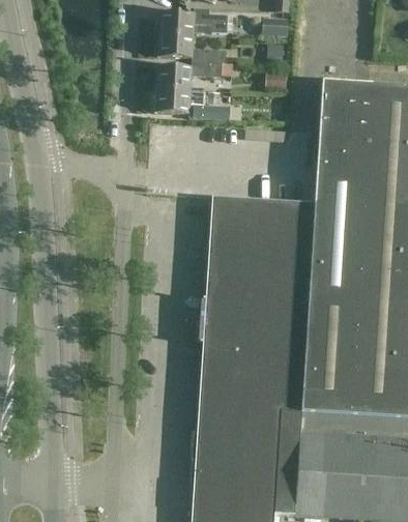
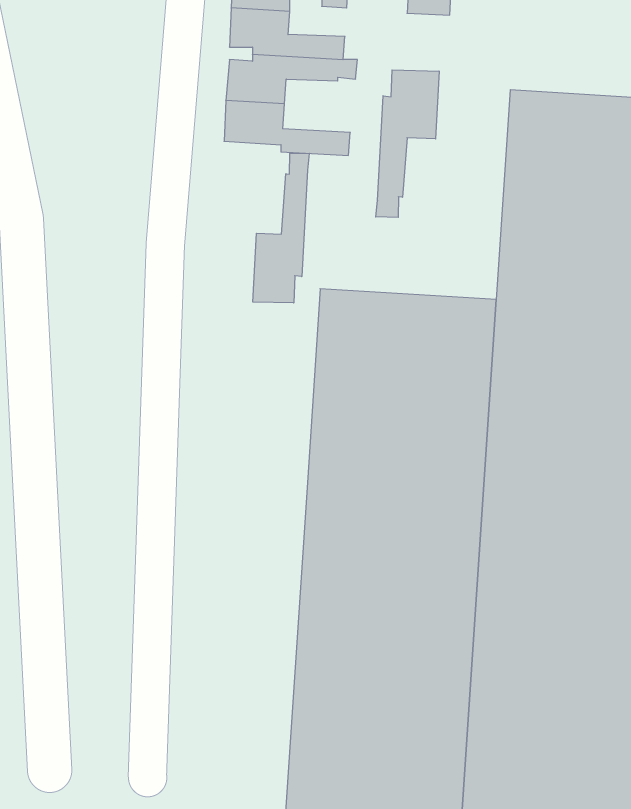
building: none -> [376,70,439,217]
building: none -> [253,153,309,303]

